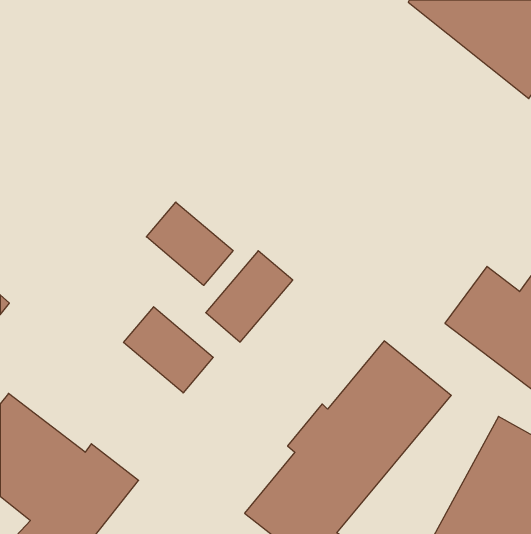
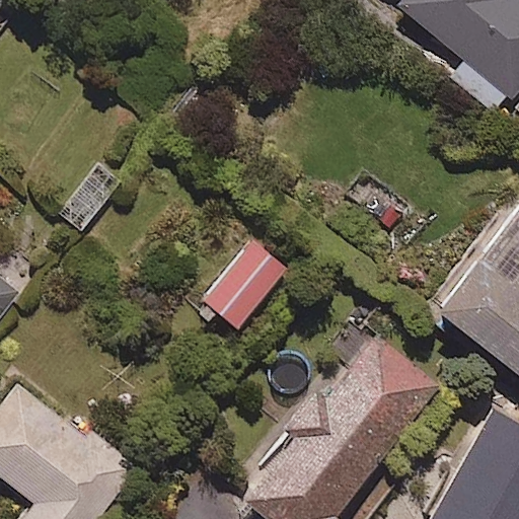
building: [146,202,233,285] -> none
building: [124,307,213,393] -> none

